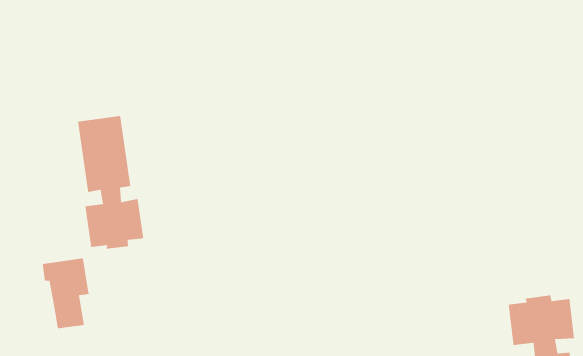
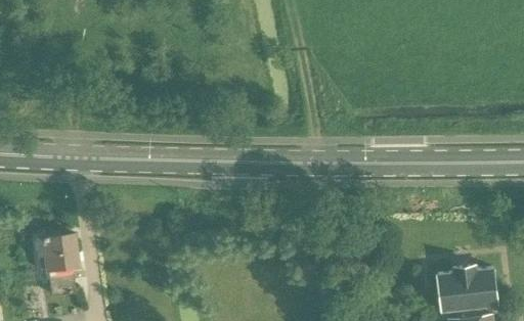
building: [77,115,144,250] -> none

